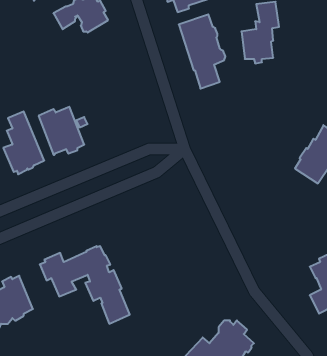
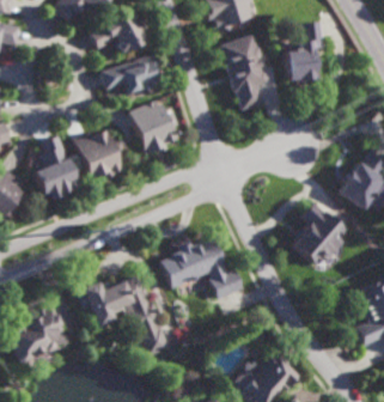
building: none -> [100,54,160,95]
building: none -> [128,100,179,156]
building: none -> [295,202,347,266]
building: none -> [160,238,245,299]

